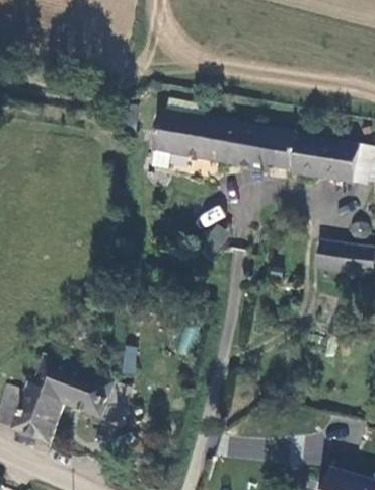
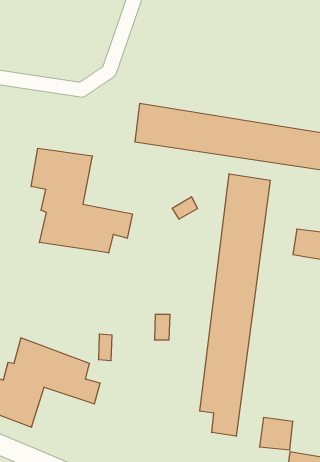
building: none -> [31,148,132,253]
building: none -> [200,174,270,436]

